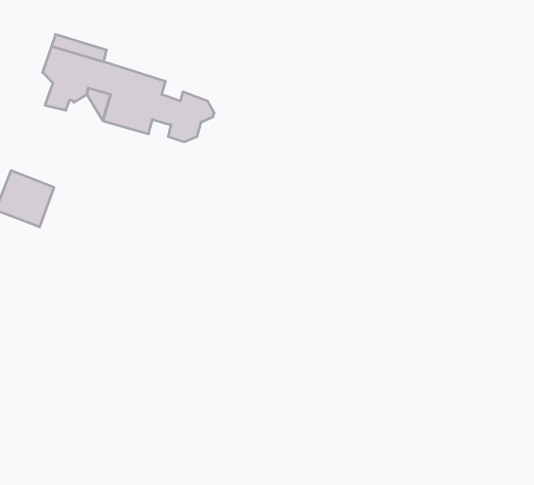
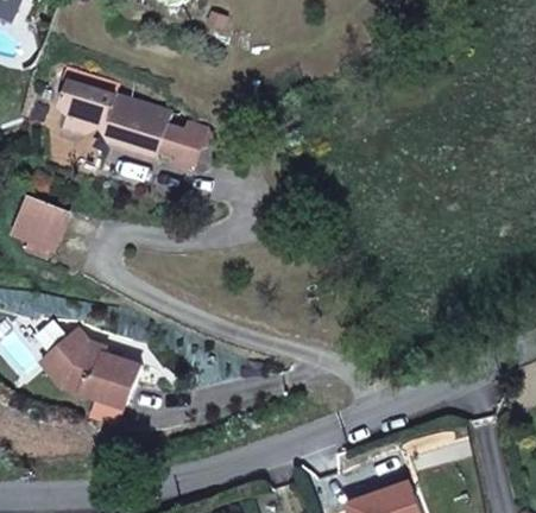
building: none -> [40,328,139,405]

